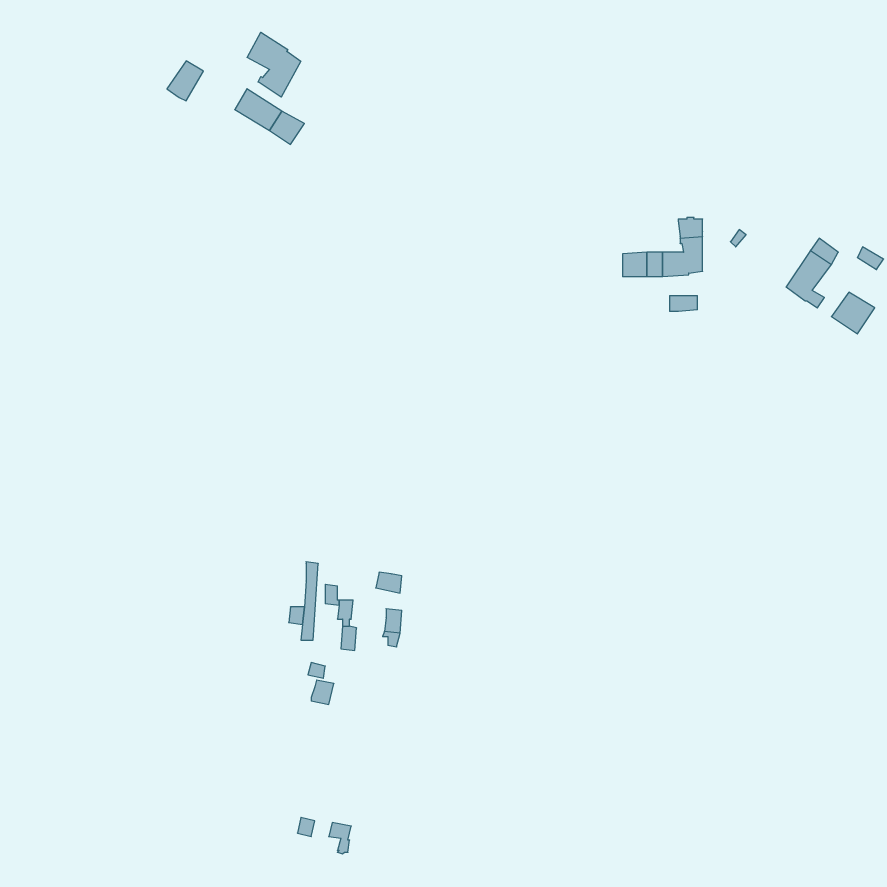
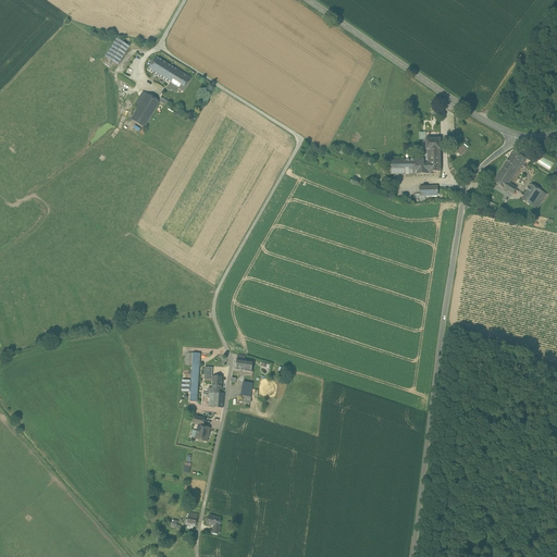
building: [247,32,301,97] -> none
building: none -> [129,90,159,126]

